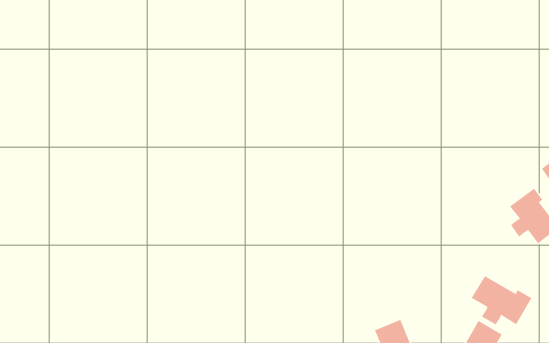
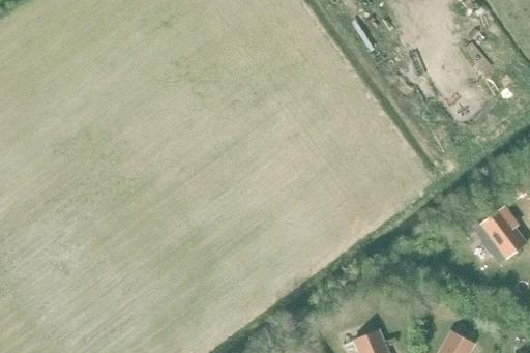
building: [471,275,532,325] -> none

